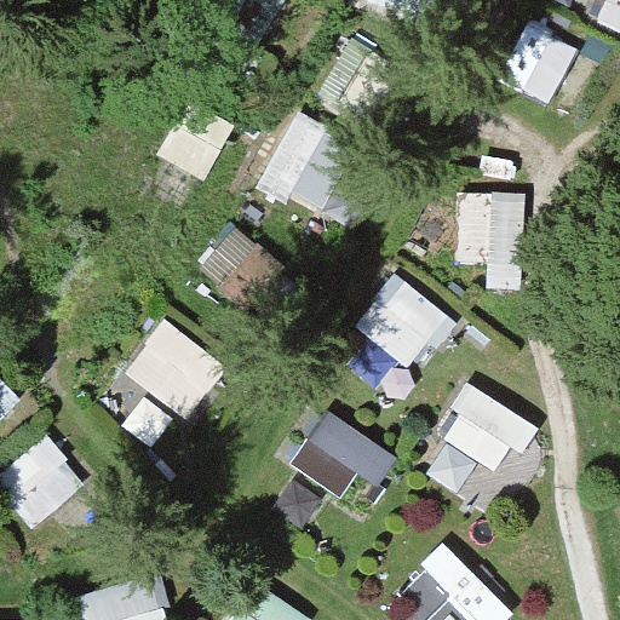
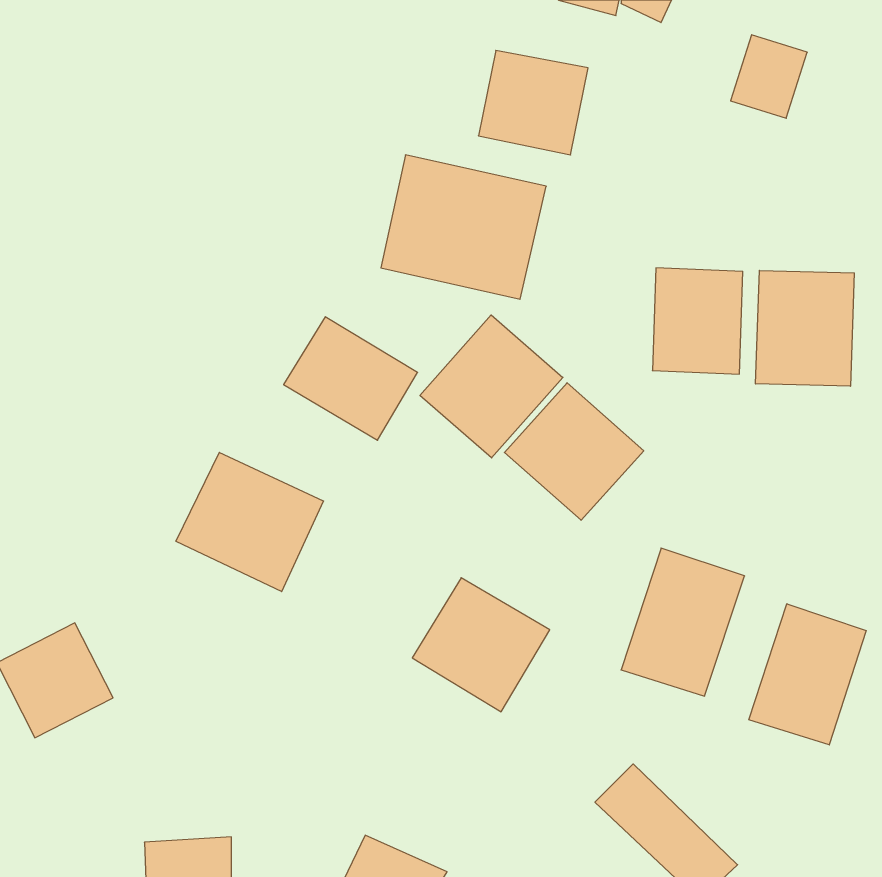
building: none -> [756,270,854,386]
building: none -> [420,315,563,458]
building: none -> [749,604,866,745]

